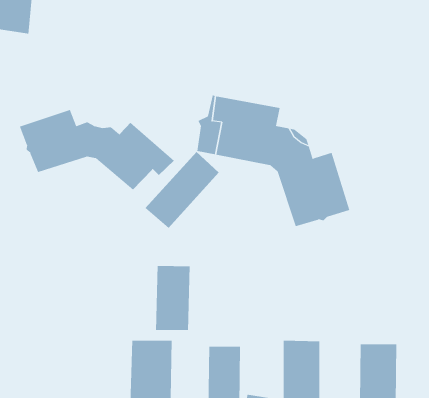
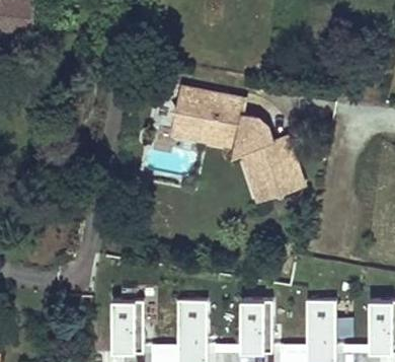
building: [19,109,175,191] -> none
building: [145,151,219,229] -> none
building: [155,265,190,331] -> none

